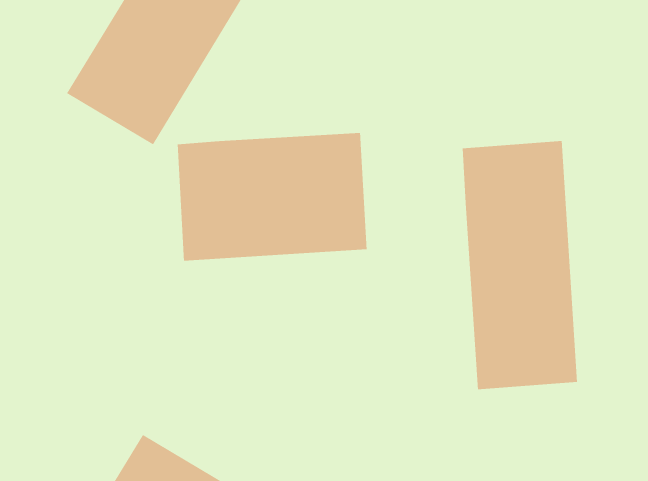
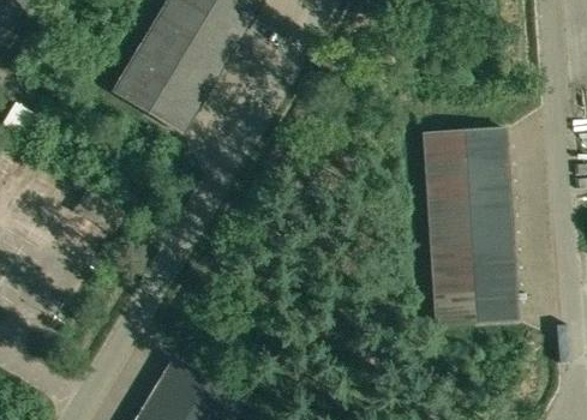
building: [177,132,367,262] -> none

